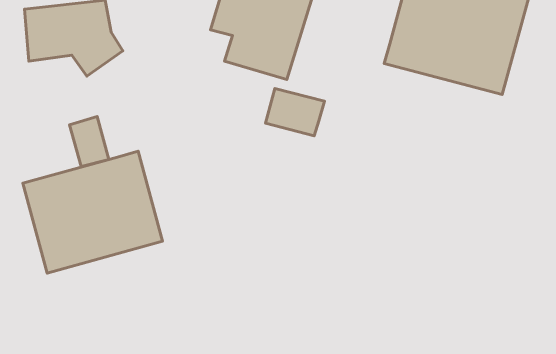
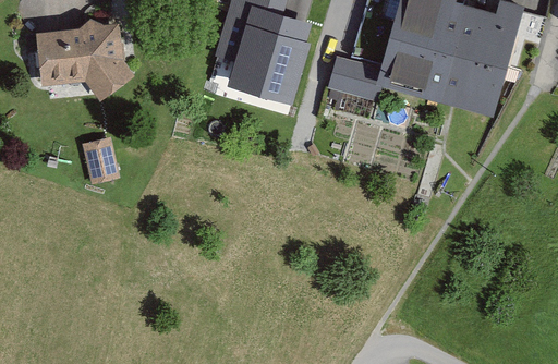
building: [266,88,325,136] -> [328,56,384,100]
building: [23,151,162,273] -> none

